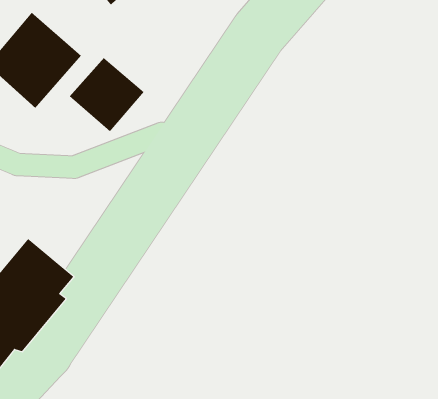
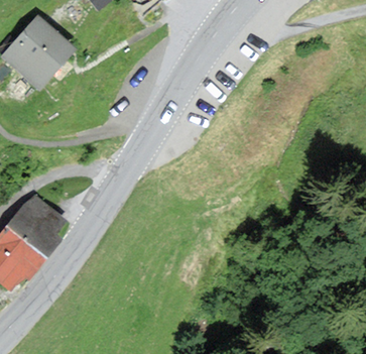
building: [69,57,144,132] -> none

